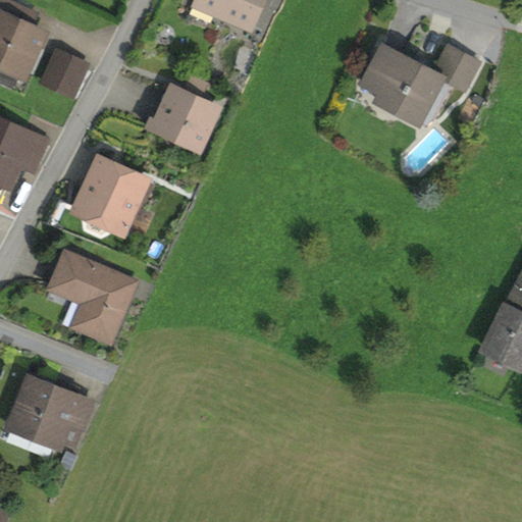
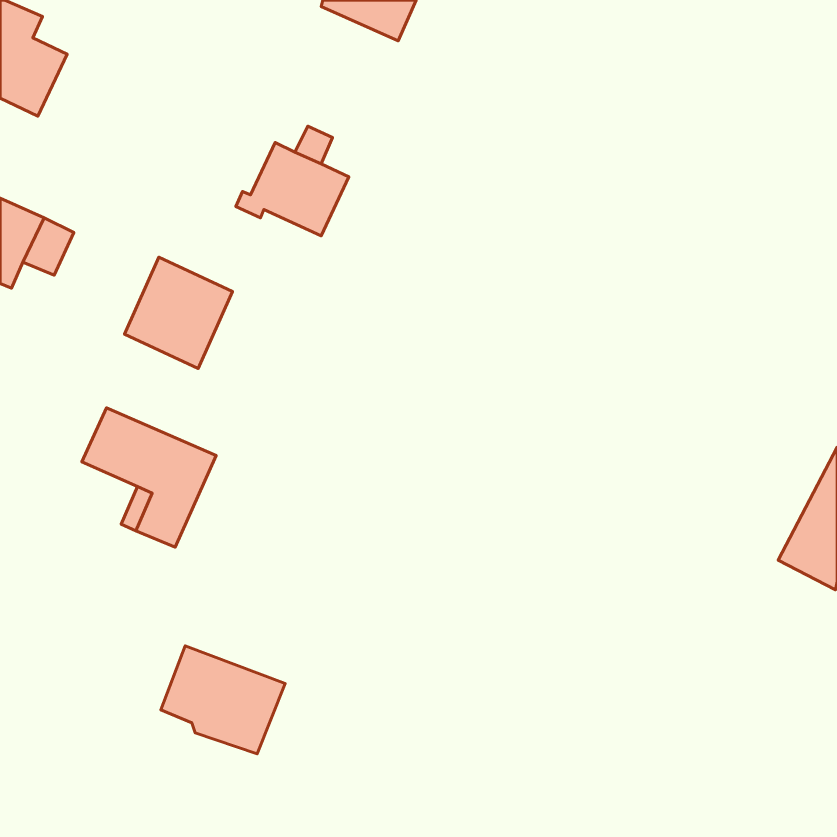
building: [366,47,477,122] -> none
building: [43,54,86,96] -> none
building: [14,379,92,447] -> [161,646,285,754]

